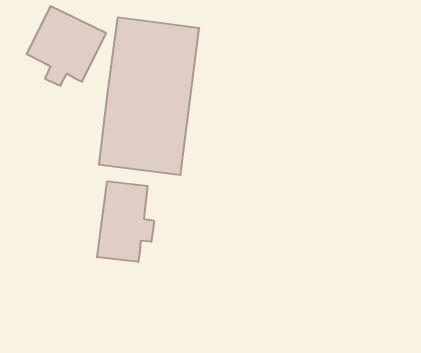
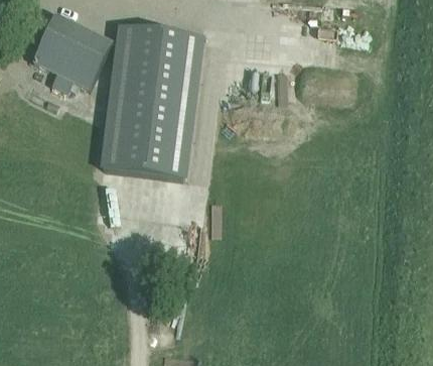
building: [97,181,154,262] -> none

